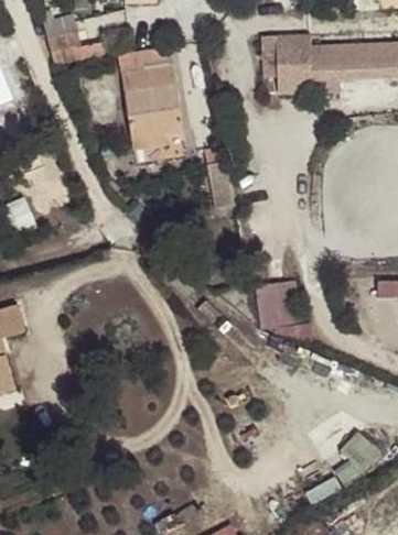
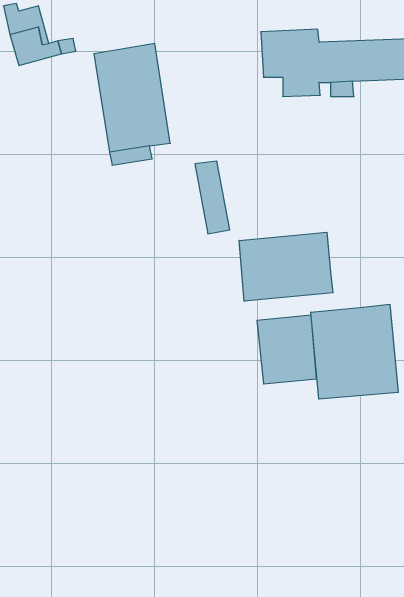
building: none -> [239,232,333,301]
building: none -> [311,304,398,399]

